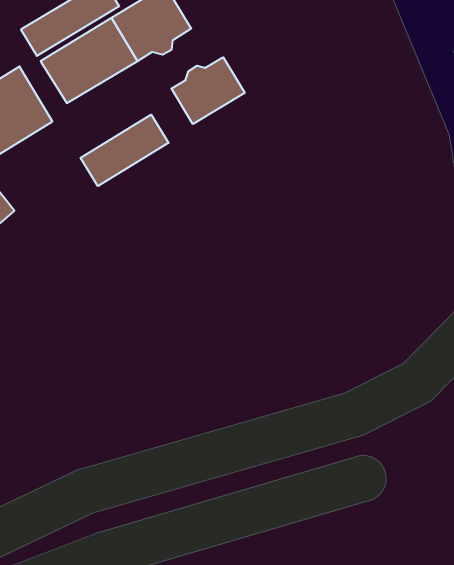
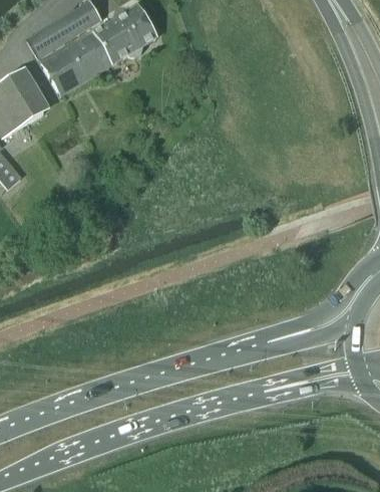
building: [171,57,245,124] -> none
building: [81,115,169,186] -> none

